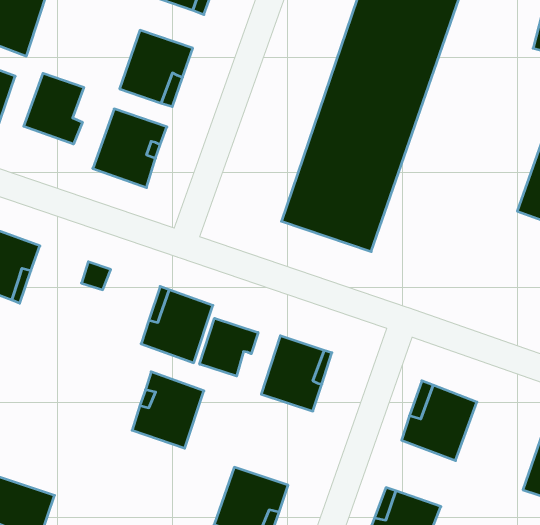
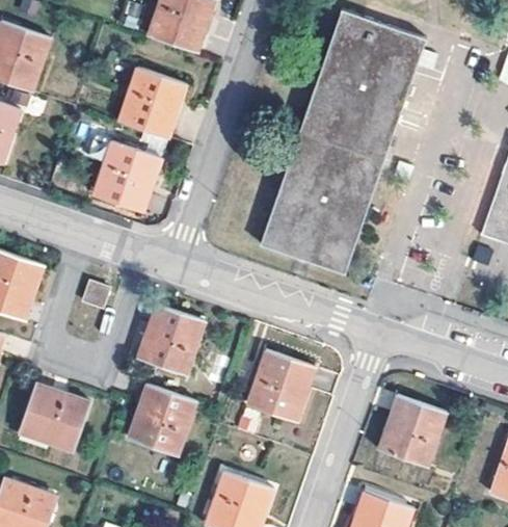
building: [24,73,84,144] -> none
building: [200,318,258,376] -> none
building: none -> [18,383,89,450]

